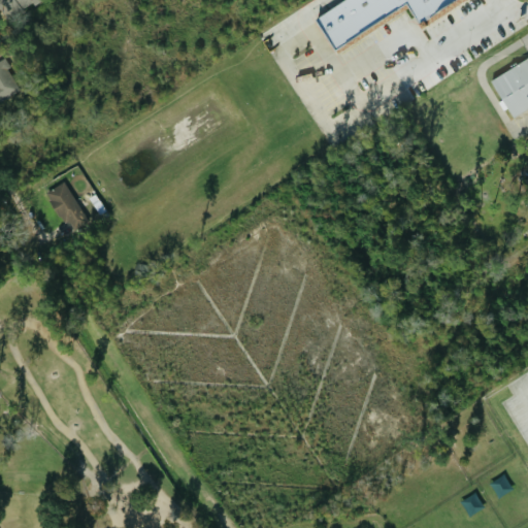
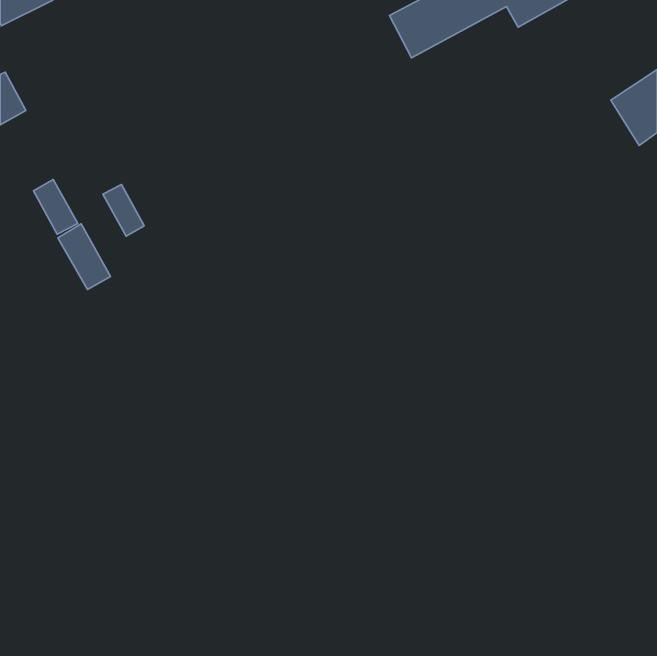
building: none -> [33,180,78,234]
building: none -> [103,185,144,236]

